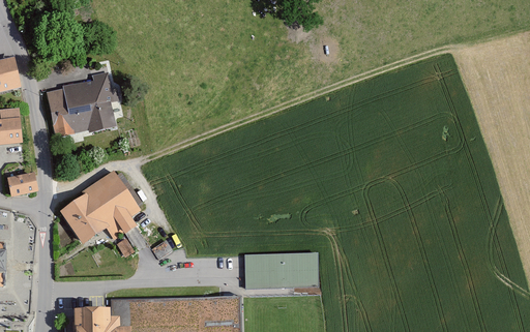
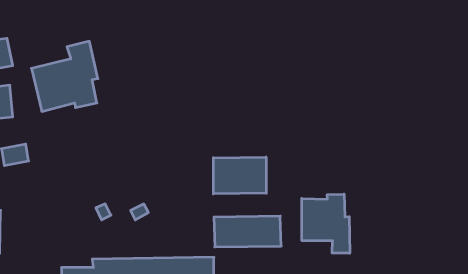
building: [57,172,142,245] -> none
building: none -> [213,157,266,194]
building: none -> [302,194,350,253]

